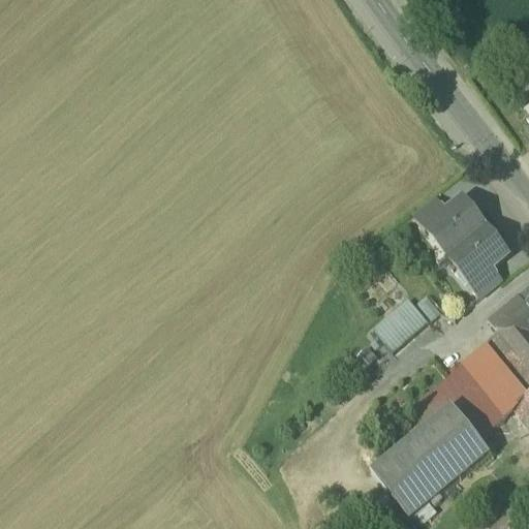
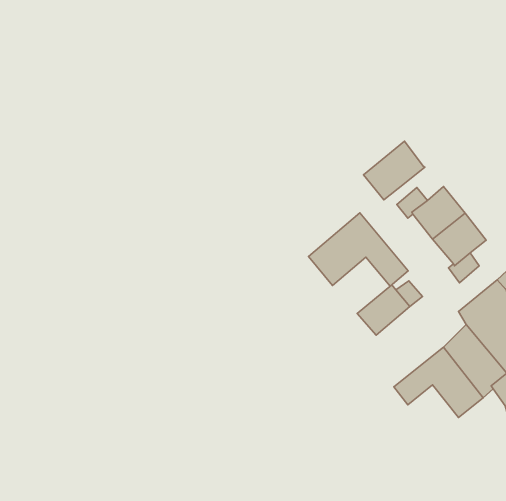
building: none -> [363,141,425,200]
building: none -> [309,213,408,286]
building: [371,404,491,517] -> none

